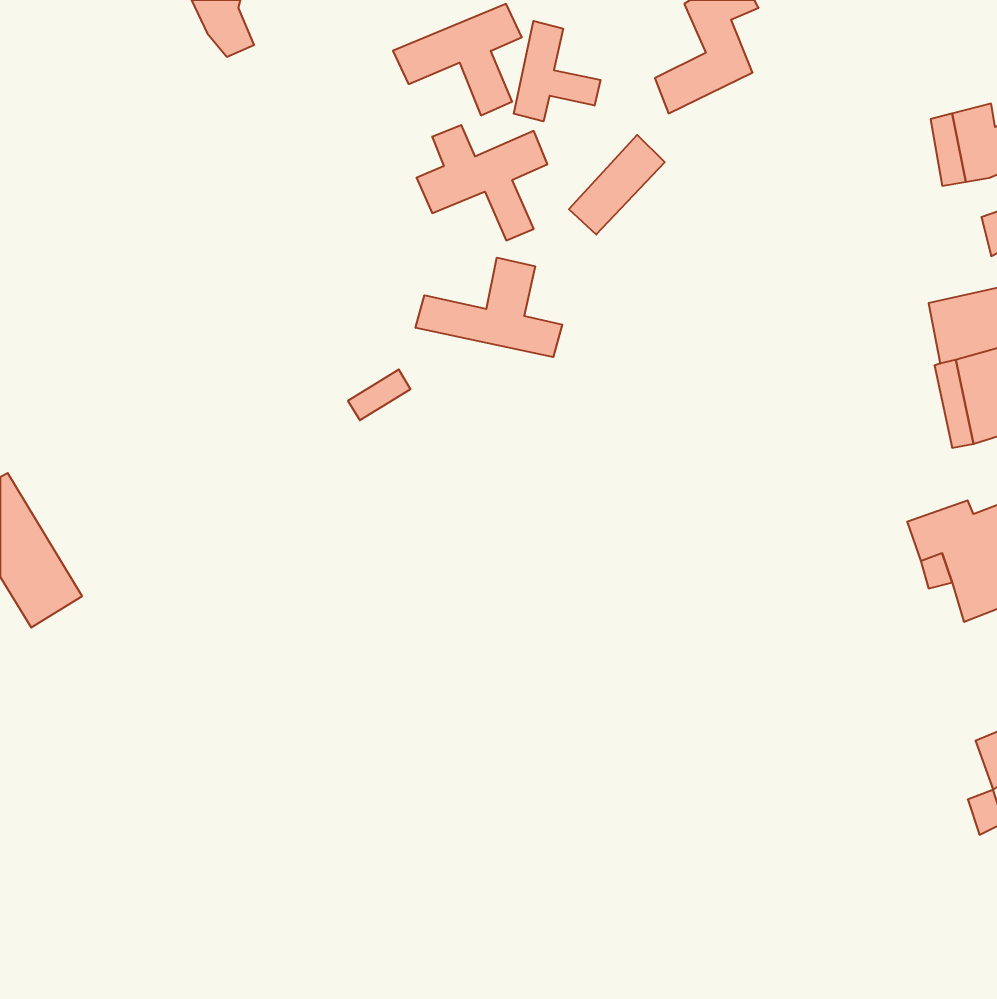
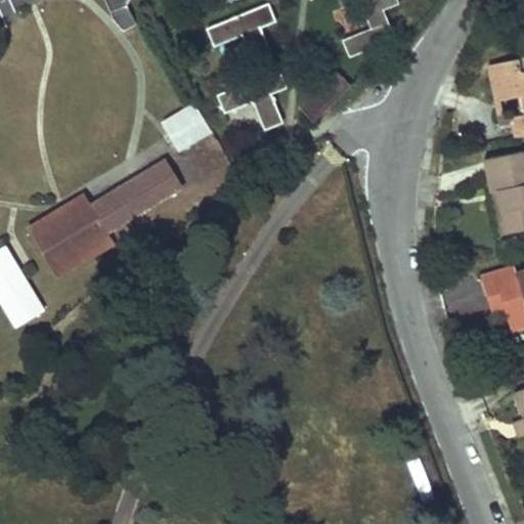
building: [514,21,601,121] -> none
building: none -> [162,104,211,150]
building: [416,258,562,357] -> none
building: none -> [29,161,181,276]

